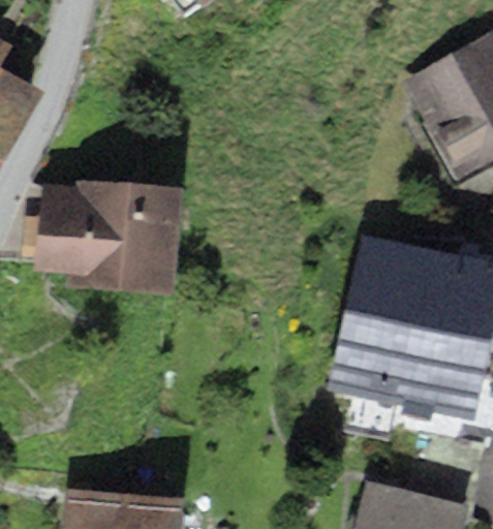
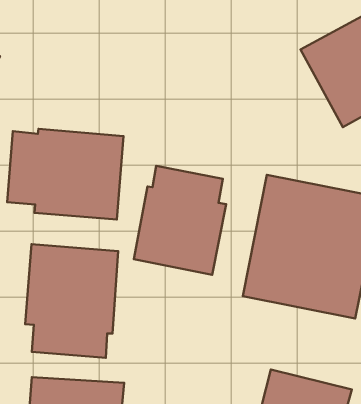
building: none -> [134,166,226,275]
building: none -> [25,244,118,358]

